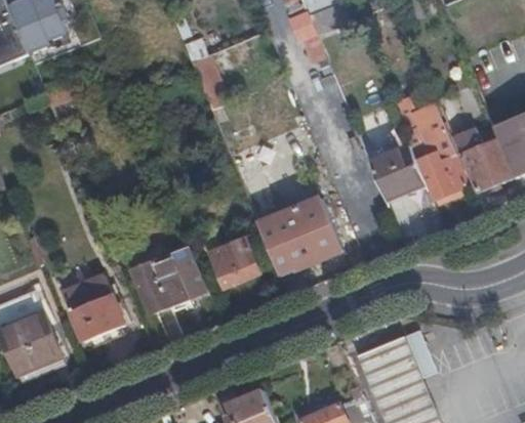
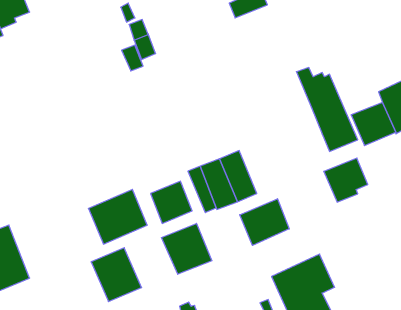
building: [368,145,422,200] -> [324,158,368,202]
building: none -> [240,199,289,245]
building: [63,276,125,342] -> [91,248,142,302]
building: none -> [161,223,212,274]

